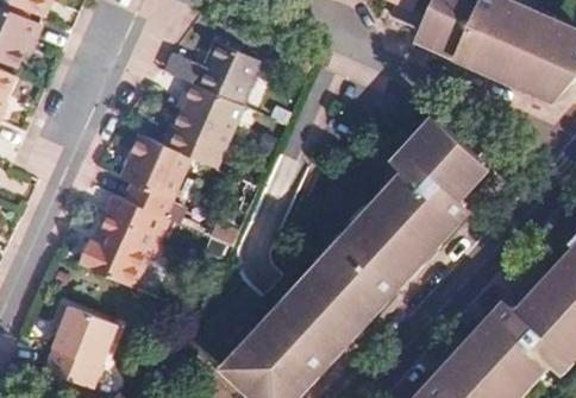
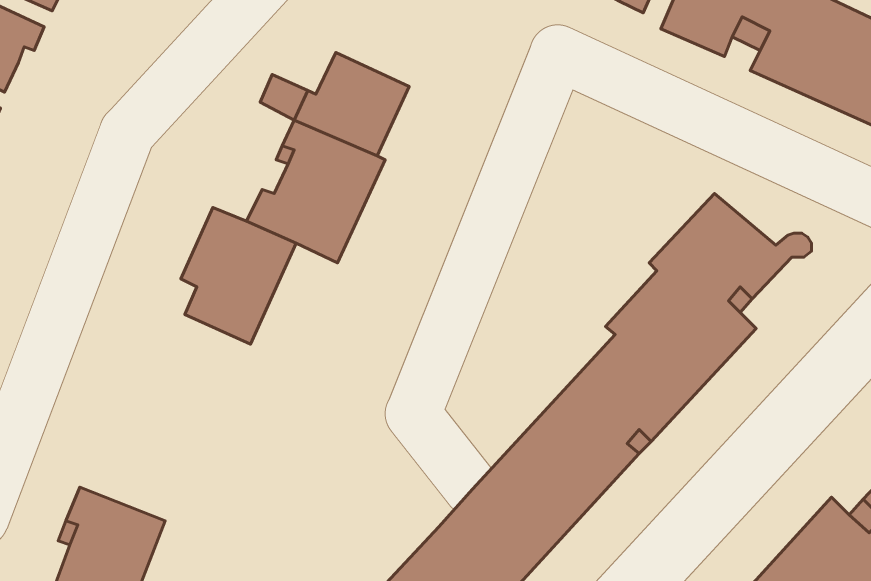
building: [79,195,168,288] -> none

